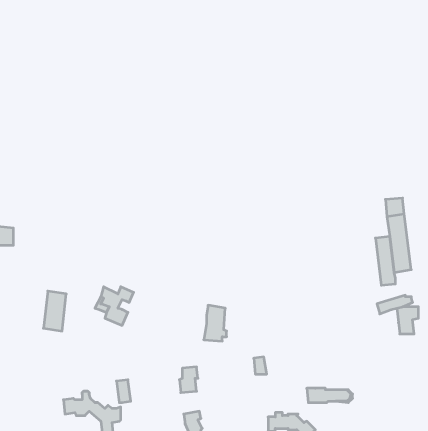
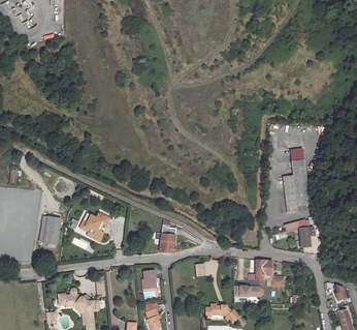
building: none -> [255,260,284,286]

